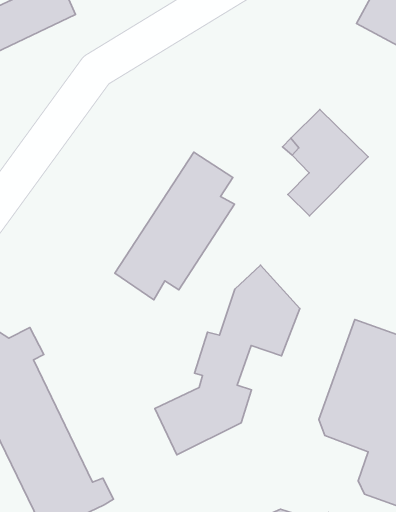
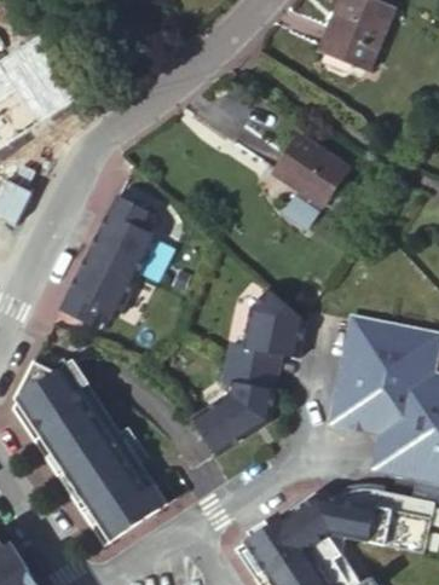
building: [115,152,235,300] -> [58,196,154,330]

